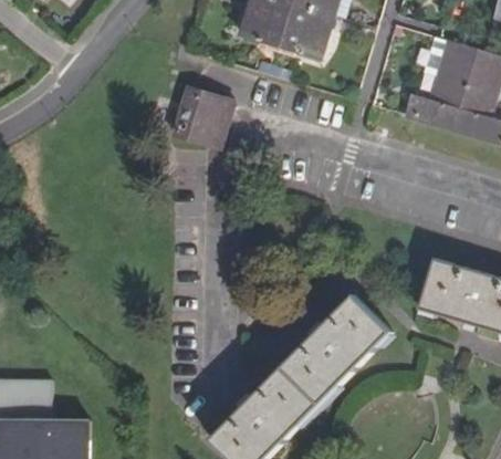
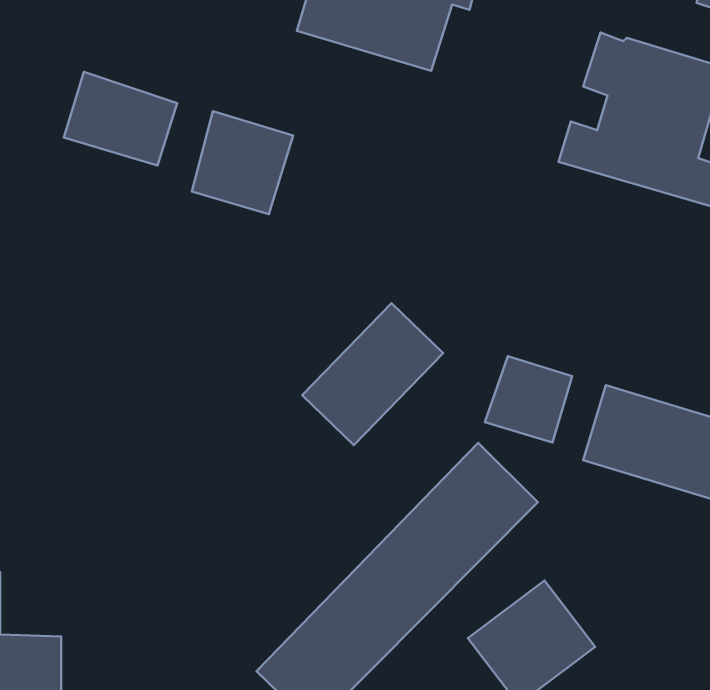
building: none -> [64,72,177,166]
building: none -> [302,303,443,445]
building: none -> [485,356,572,443]

